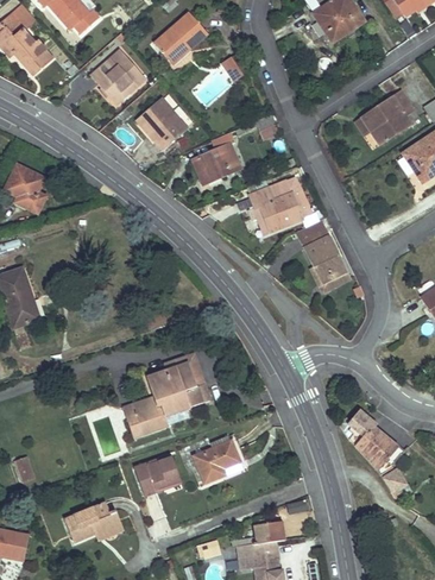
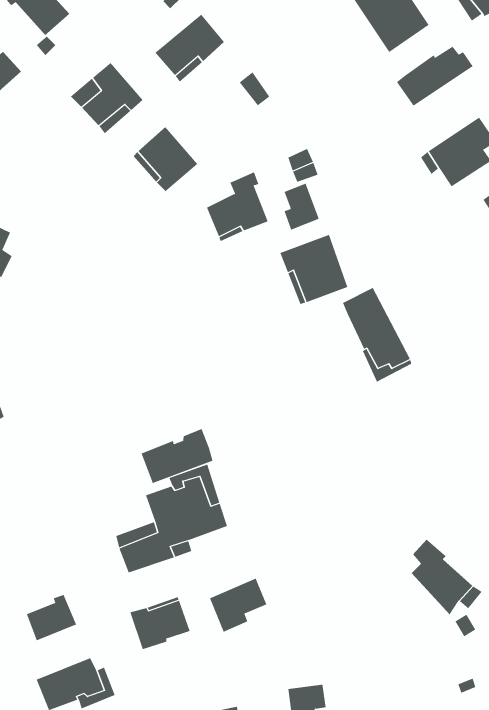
building: none -> [396,46,474,107]
building: none -> [284,183,319,230]
building: none -> [141,428,213,484]
building: none -> [26,594,77,641]

